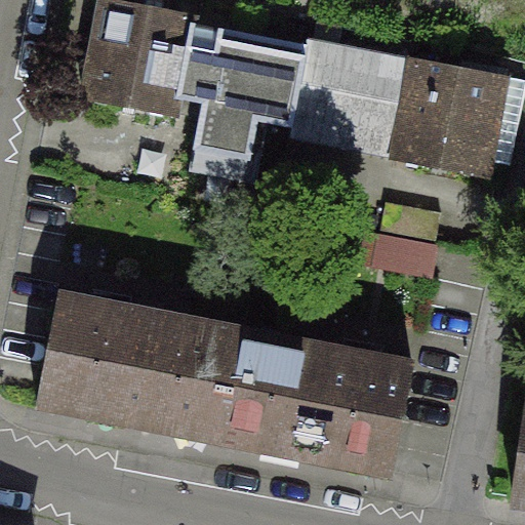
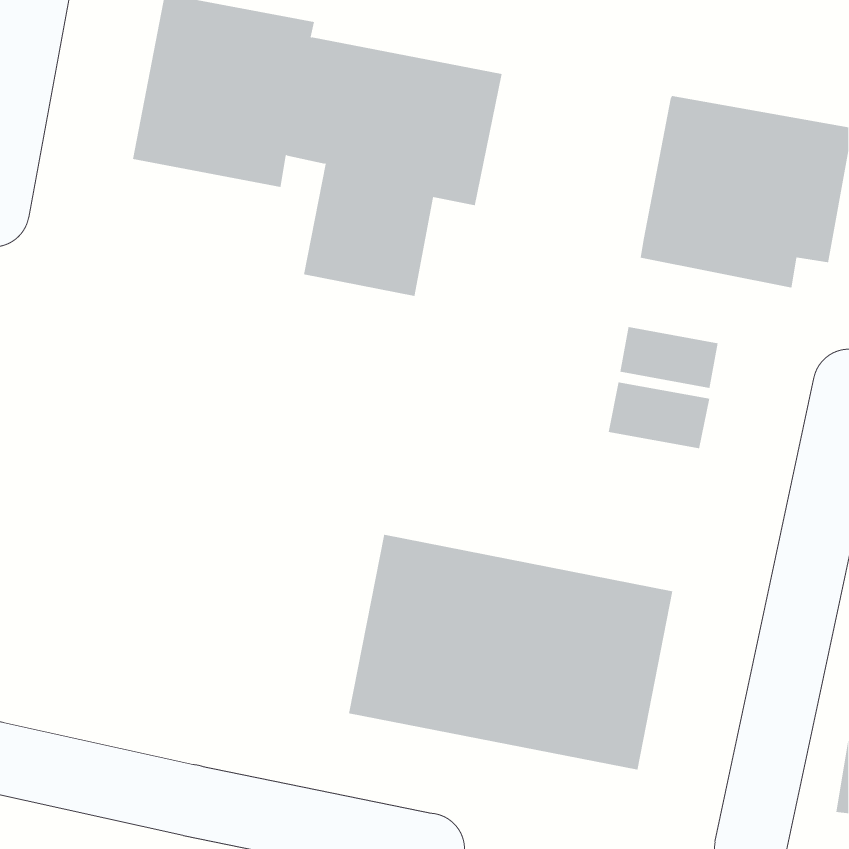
building: [291,40,410,146] -> none
building: [37,293,235,437] -> none

